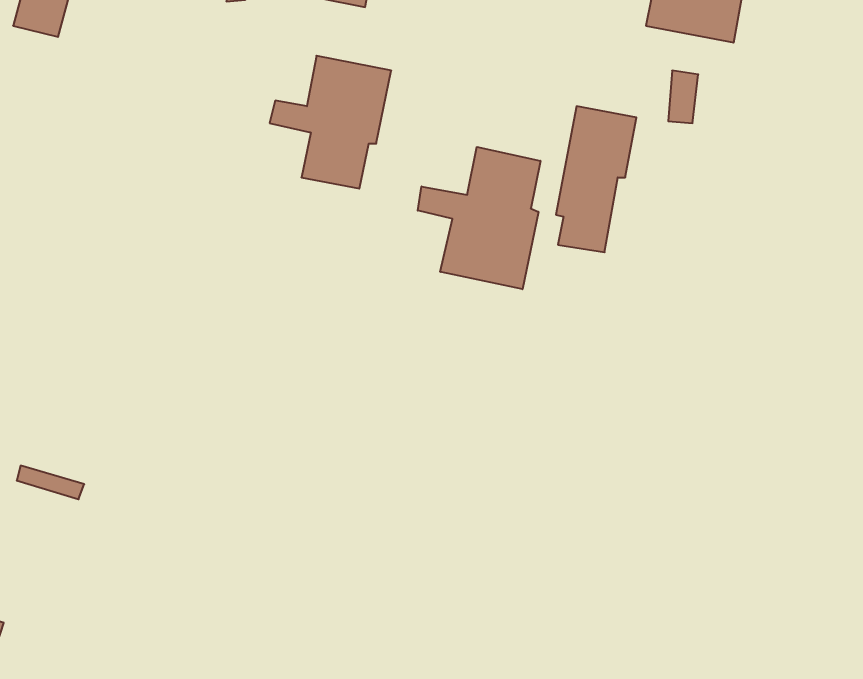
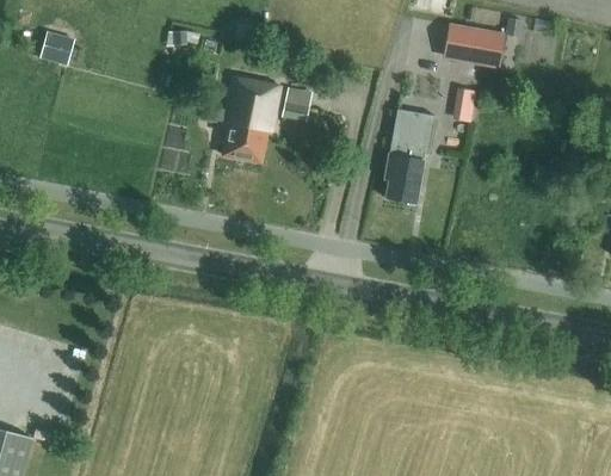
building: none -> [283,87,313,122]
building: [418,147,540,289] -> none

